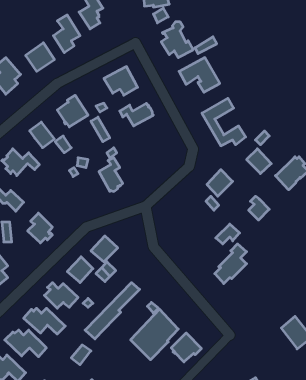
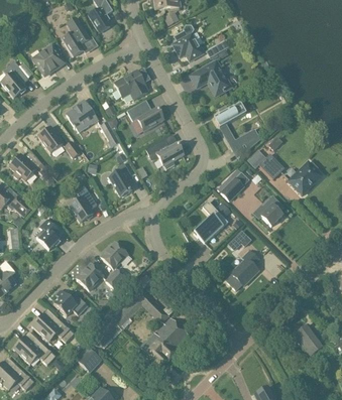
building: none -> [144,138,183,169]
building: none -> [68,185,97,222]
building: none -> [190,210,220,239]
building: [171,333,201,362] -> none

